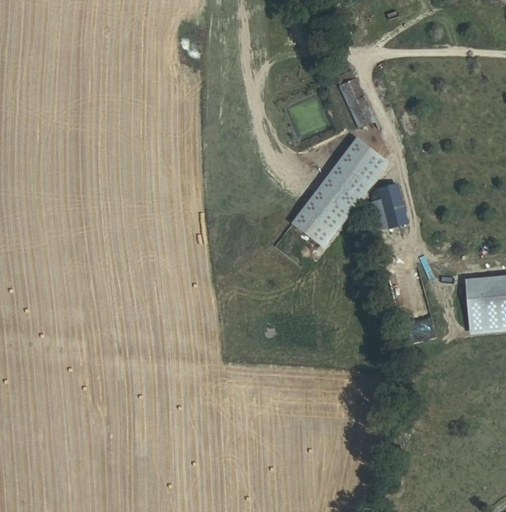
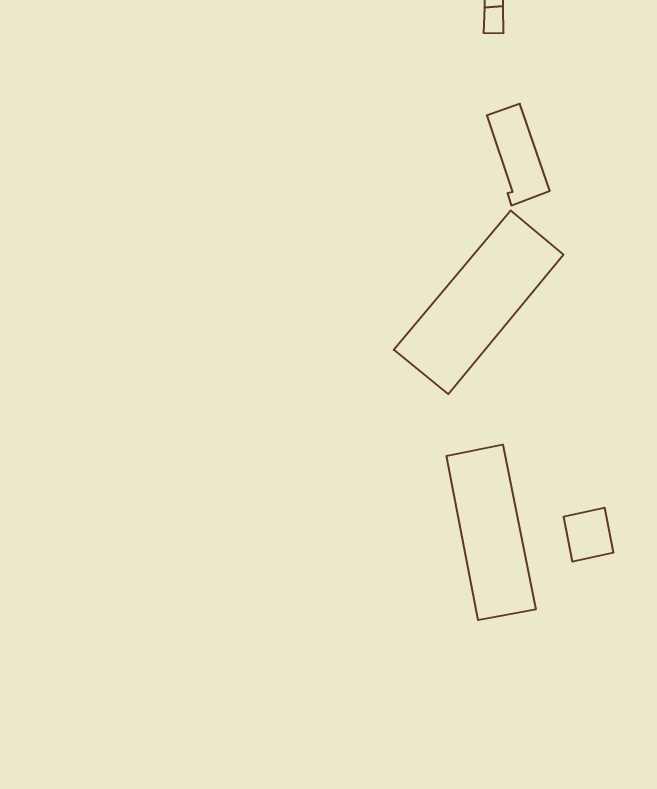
building: [373,184,398,223] -> none
building: none -> [446,445,536,620]

